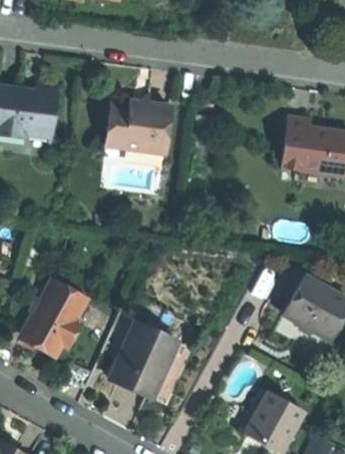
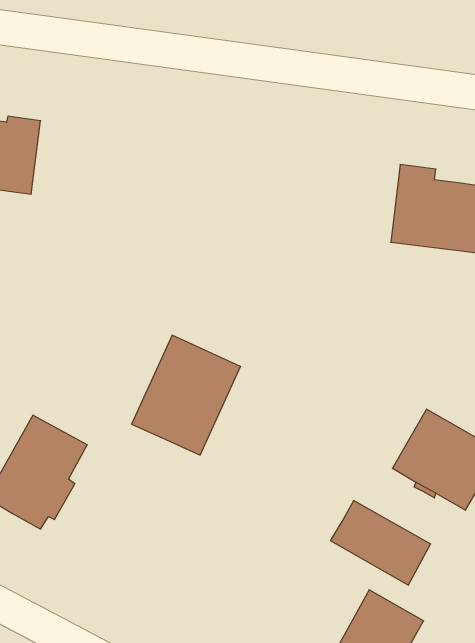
building: [106,104,170,152] -> none
building: [108,321,179,398] -> [132,335,241,455]
building: none -> [331,500,430,585]

